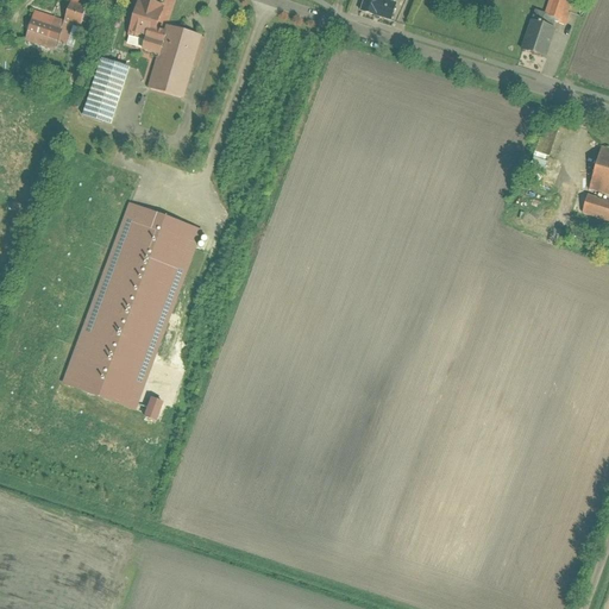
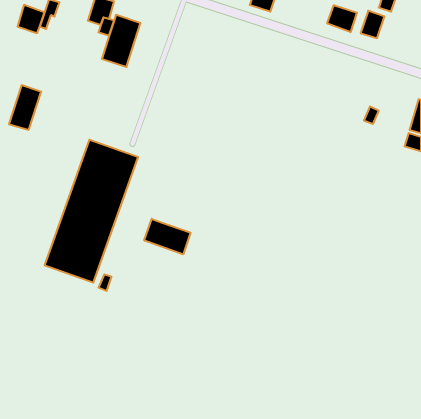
building: none -> [327,5,357,32]
building: [83,56,130,120] -> [9,85,41,130]
building: none -> [144,219,191,254]

